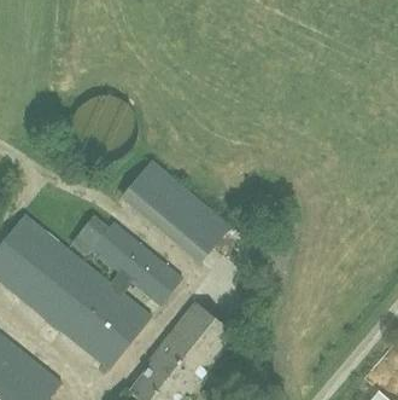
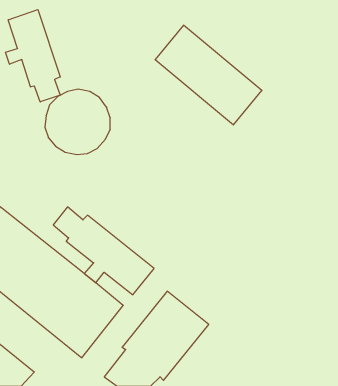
building: none -> [6,10,60,102]
building: [123,160,232,261] -> [155,25,262,125]

